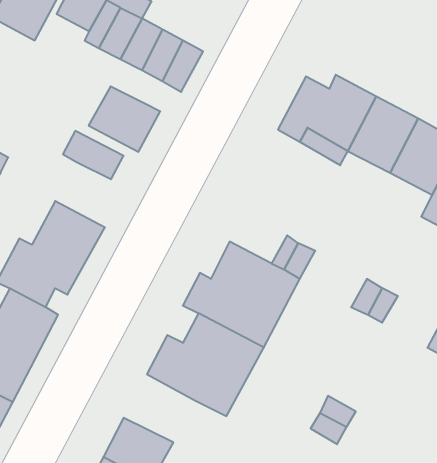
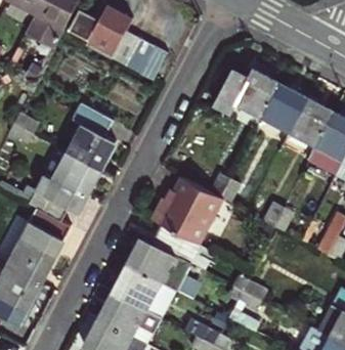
building: [89,86,160,152] -> [69,127,116,170]
building: none -> [114,266,161,311]

